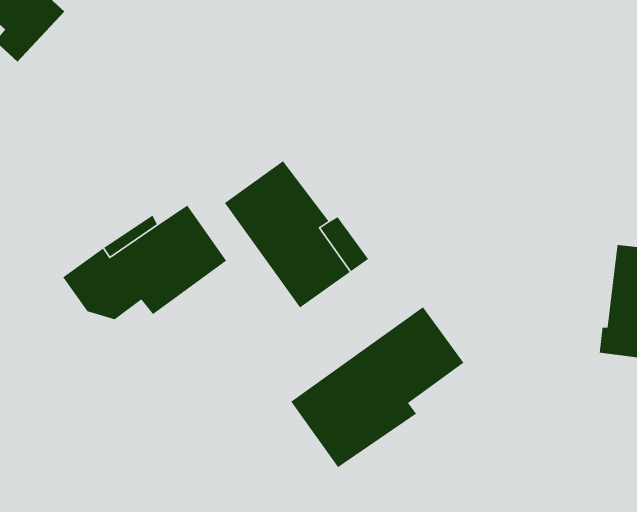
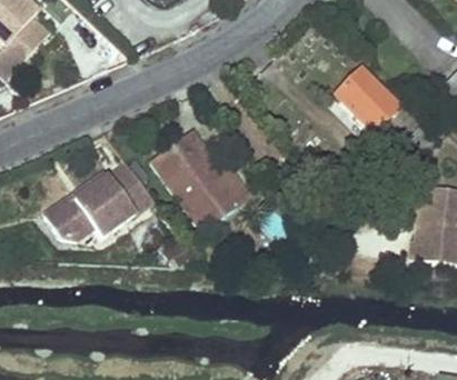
building: none -> [337,69,399,131]
building: [290,306,464,468] -> none

